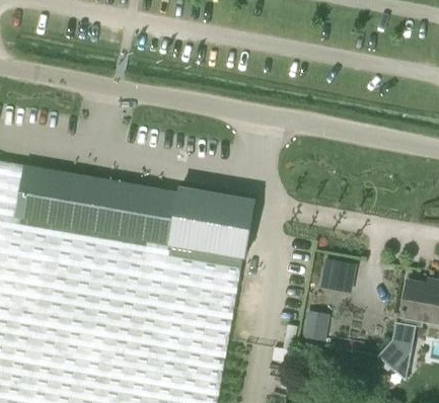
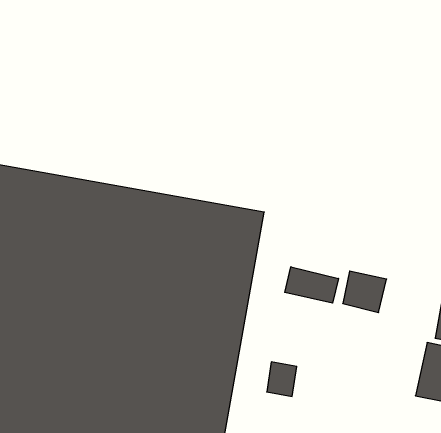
building: none -> [285,267,338,303]
building: [302,312,328,342] -> [267,362,297,396]

